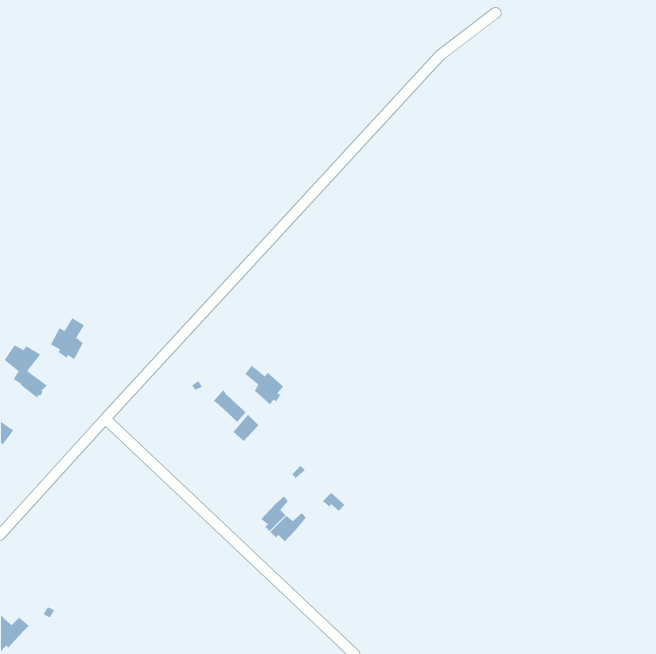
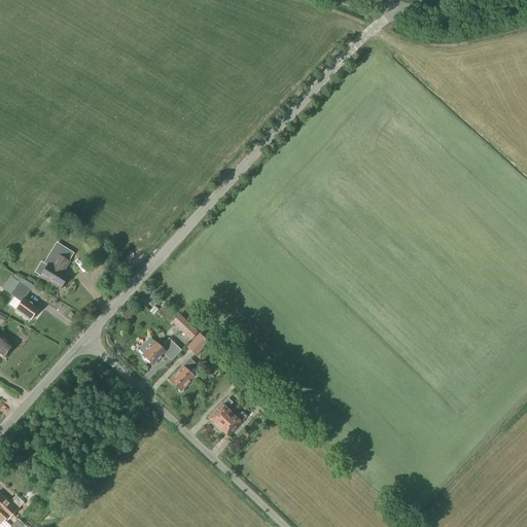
building: [245,365,284,405] -> none
building: none -> [138,339,174,363]
building: none -> [169,359,194,391]

